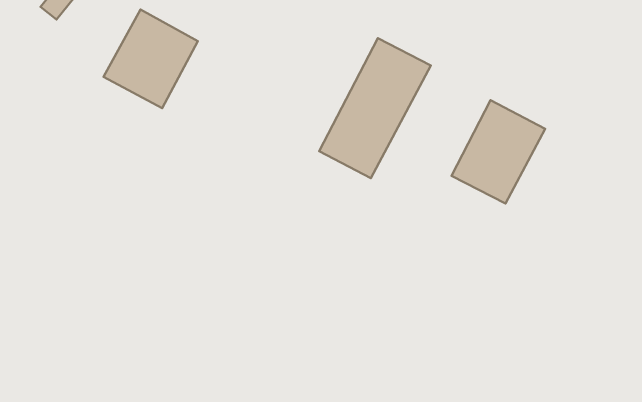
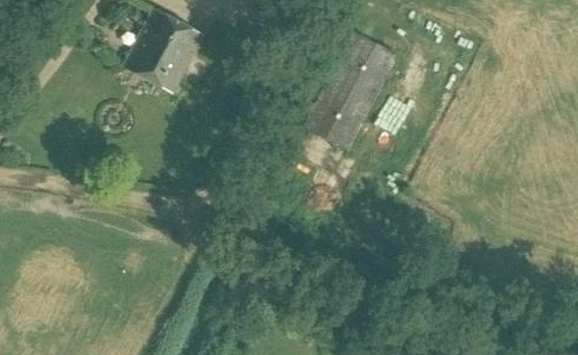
building: [452,100,545,203] -> none

